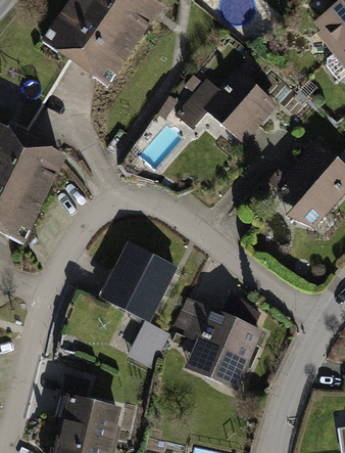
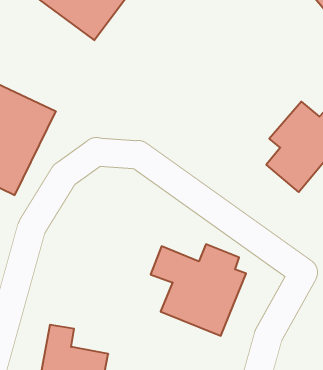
building: [175,73,277,143] -> none
building: [92,236,167,363] -> none

